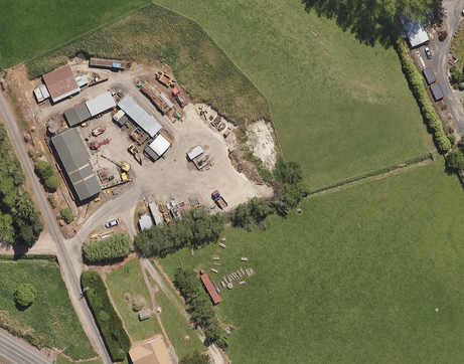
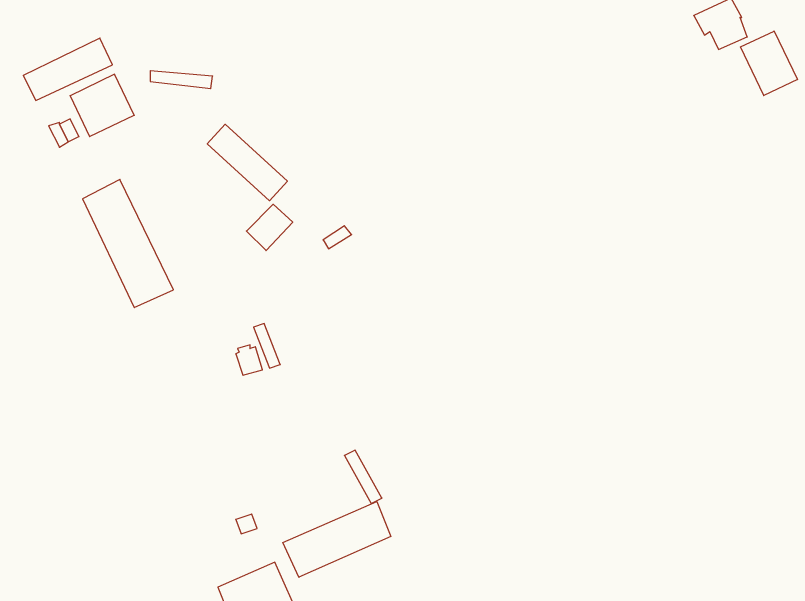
building: none -> [741,31,797,96]
building: [67,87,118,123] -> [23,38,112,100]
building: none -> [283,502,391,577]

